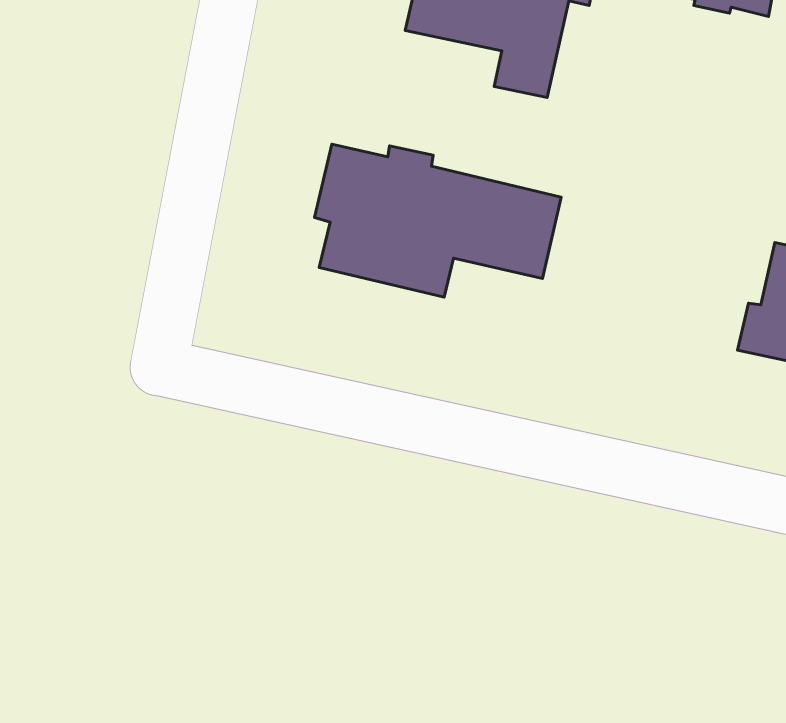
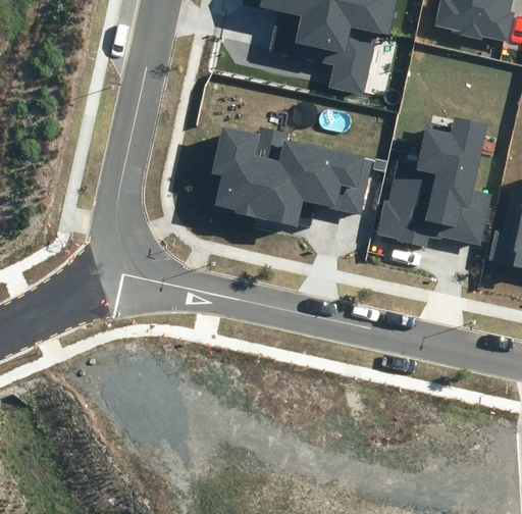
building: none -> [377,116,492,247]

